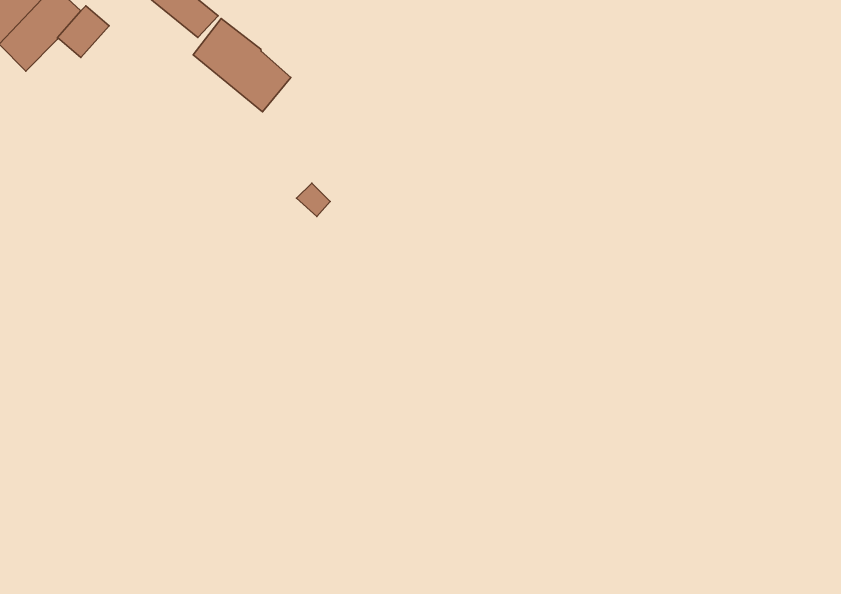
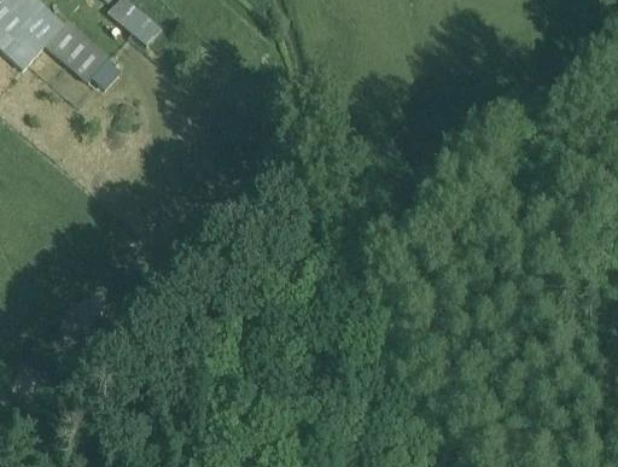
building: [193,19,291,112] -> none
building: none -> [62,35,106,80]

